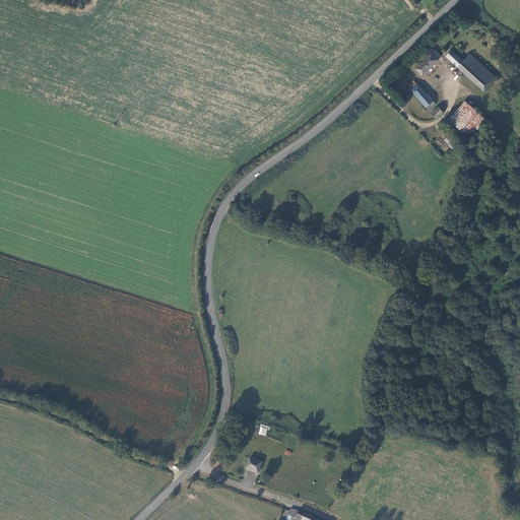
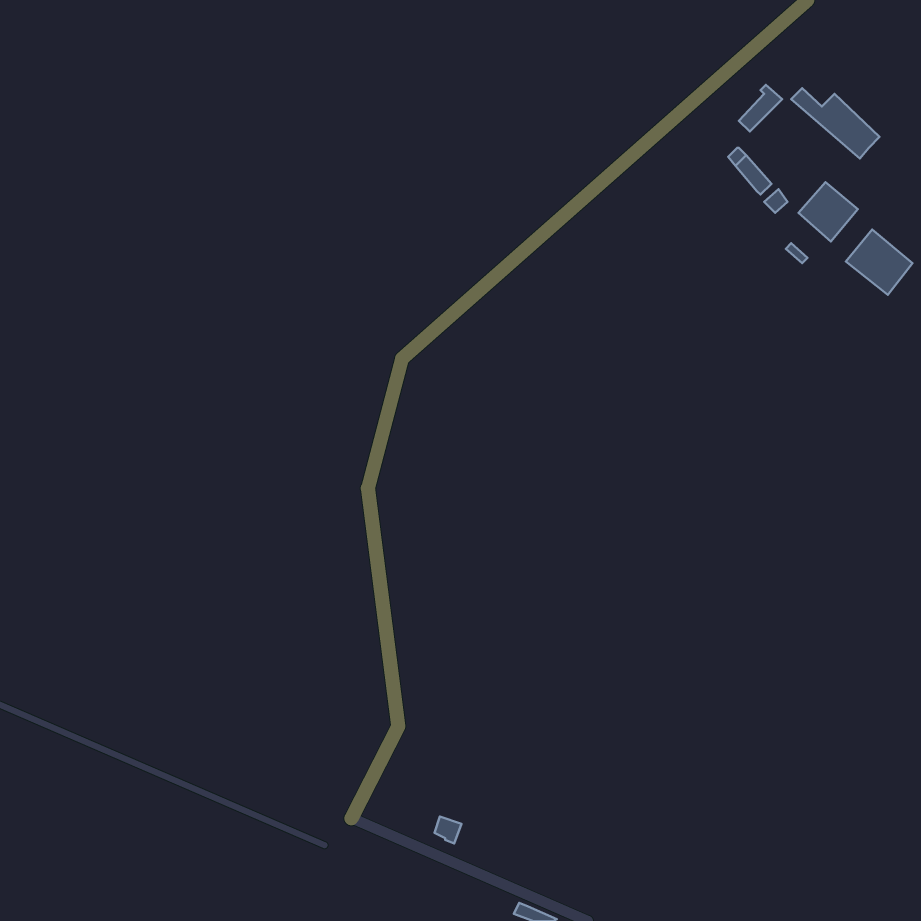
building: none -> [846,230,912,295]

